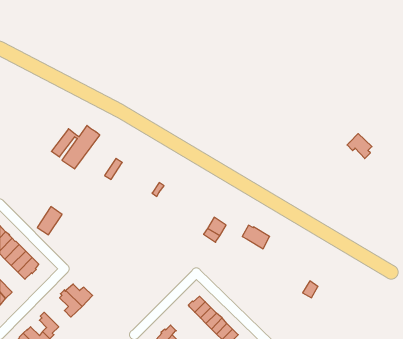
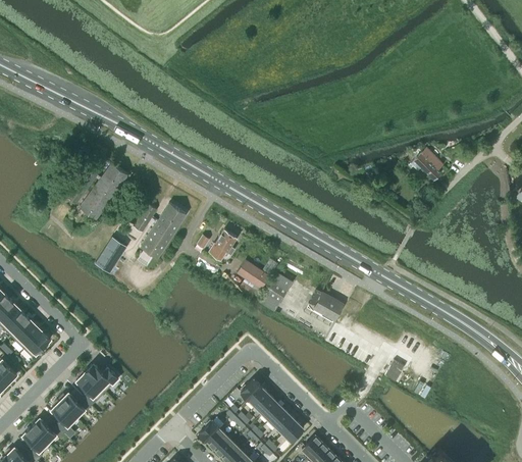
building: [347,134,372,159] -> [411,149,442,181]
building: none -> [140,204,186,258]
building: none -> [209,229,237,259]
building: none -> [237,261,269,290]
building: [37,207,62,235] -> [95,237,126,272]
building: none -> [58,393,91,418]

